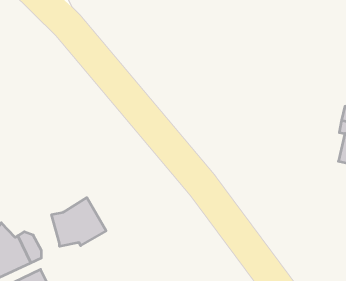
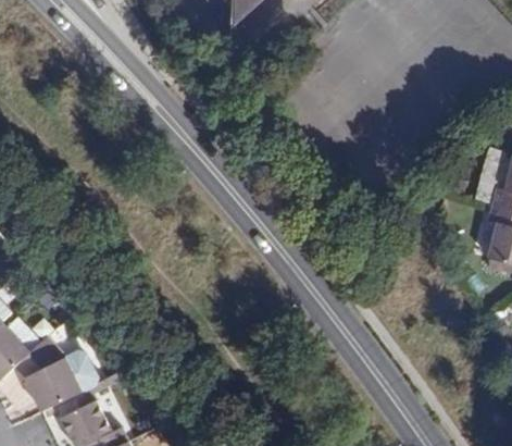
building: [52,198,106,246] -> none

